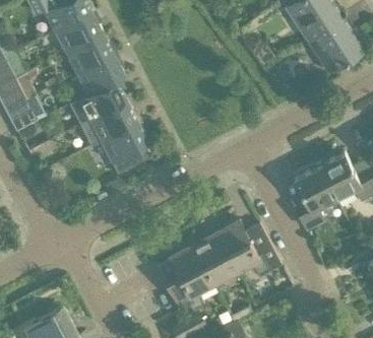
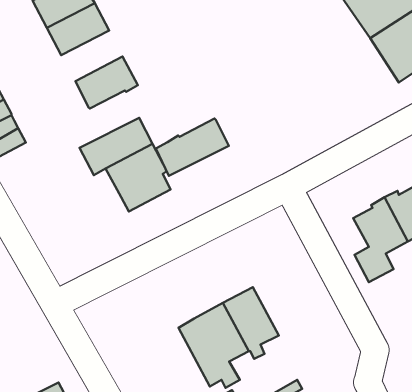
building: [66,35,114,74] -> none
building: [70,81,127,126] -> [156,119,229,176]
building: [215,222,282,277] -> none

